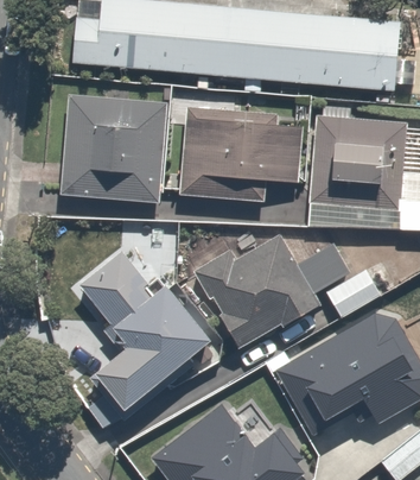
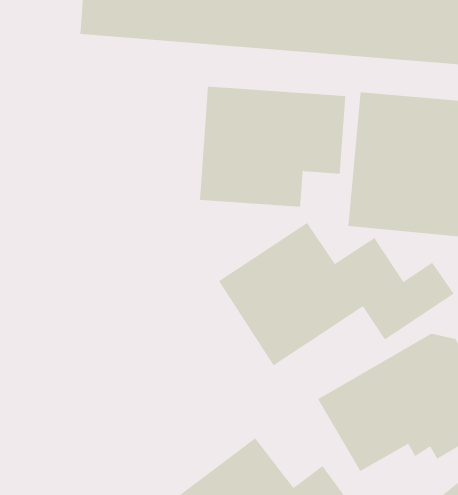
building: [59,93,173,203] -> none
building: [71,236,214,431] -> none

